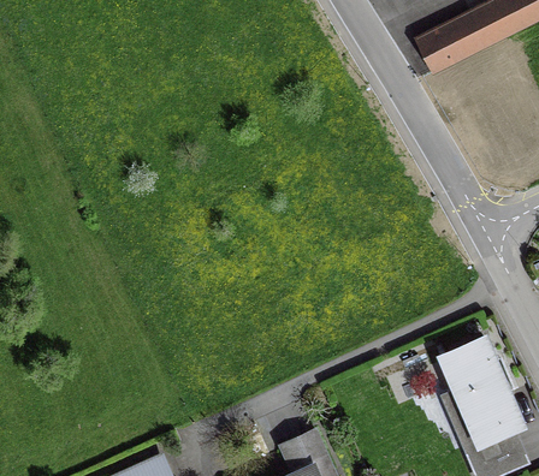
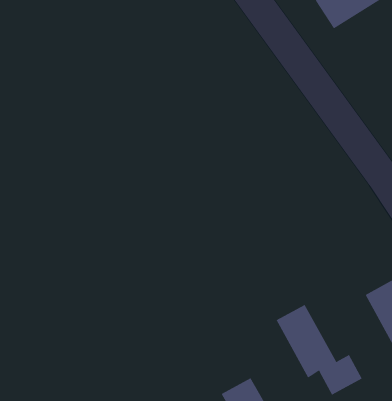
building: none -> [276,304,363,396]

